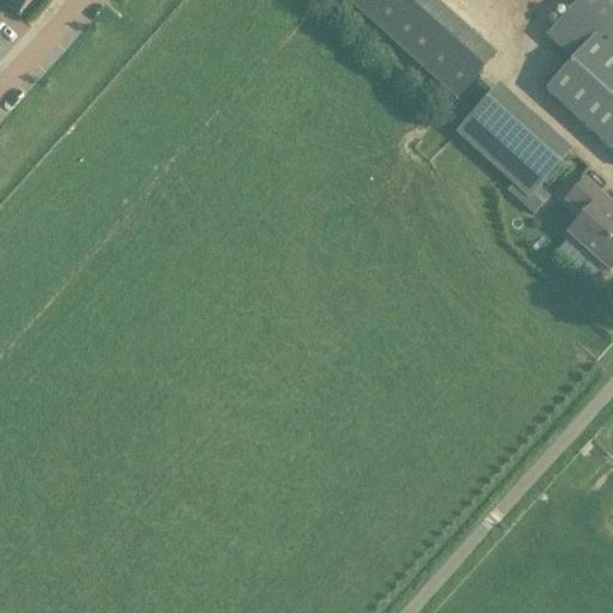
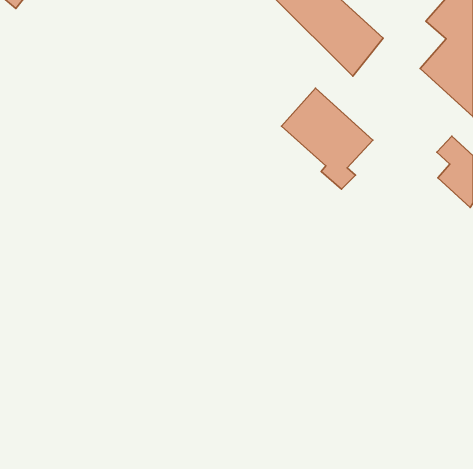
building: [454,81,572,212] -> [281,88,373,189]

